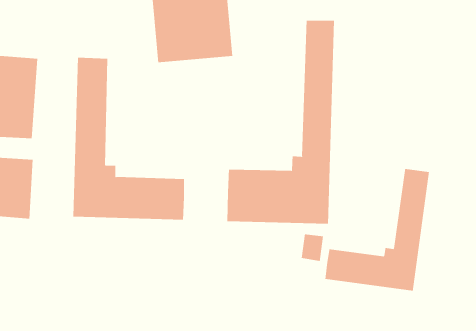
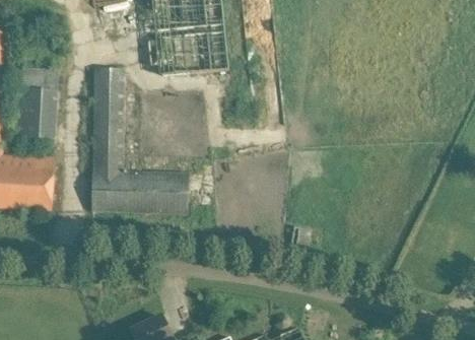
building: [227,20,335,224] -> none
building: [325,168,430,291] -> none

